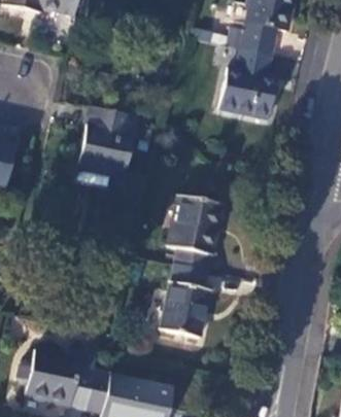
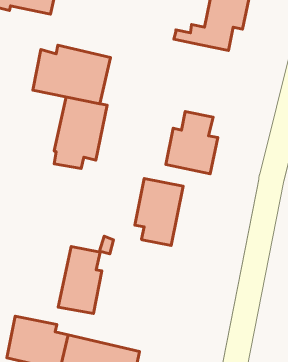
building: [219,50,277,119] -> [166,112,218,174]
building: none -> [33,45,110,104]
building: [162,267,210,341] -> [58,247,102,314]

